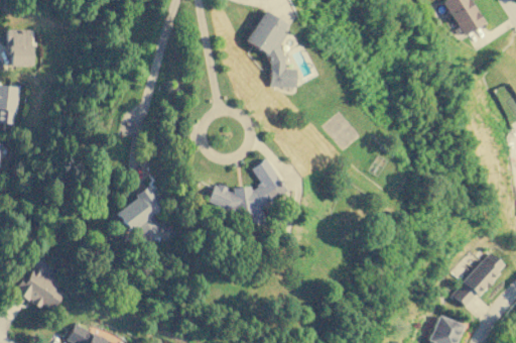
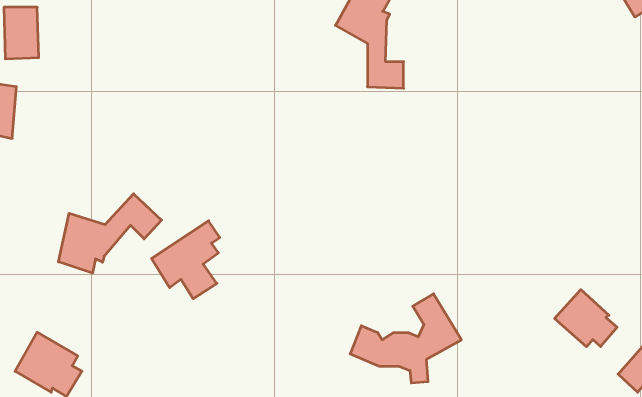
building: [208,159,288,224] -> [350,294,461,383]
building: none -> [58,194,162,273]
building: none -> [555,290,617,347]

